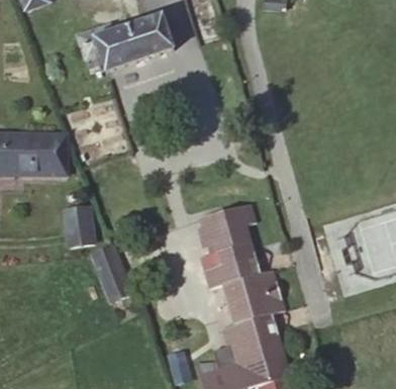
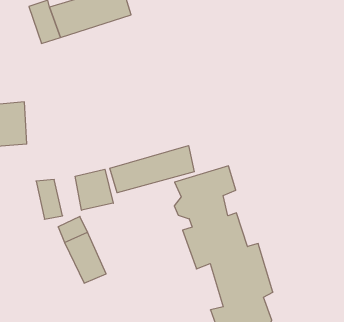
building: none -> [110,146,194,193]
building: none -> [75,169,113,210]

